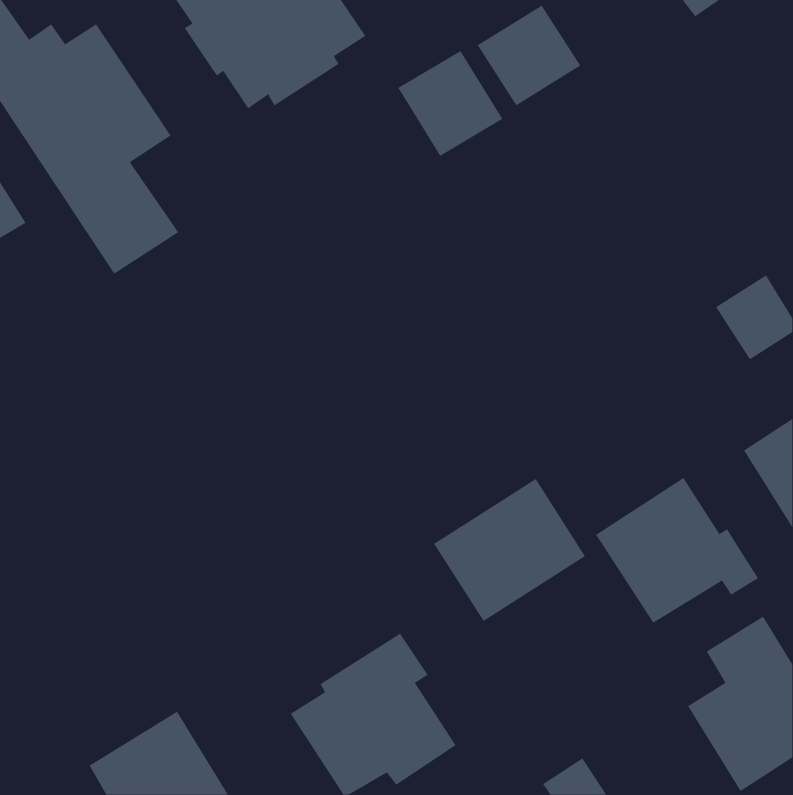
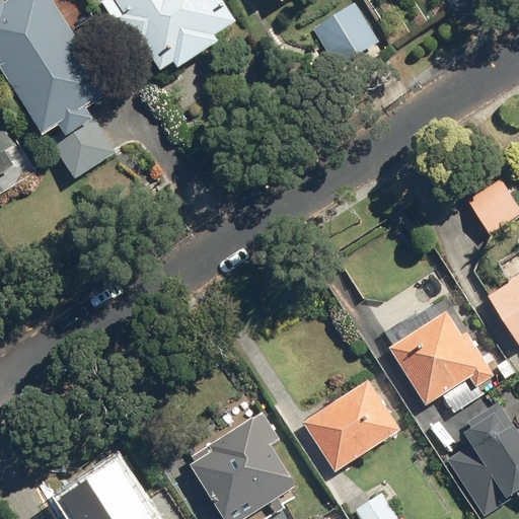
building: [397,50,503,157] -> none
building: [433,478,586,622] -> [301,379,400,472]

